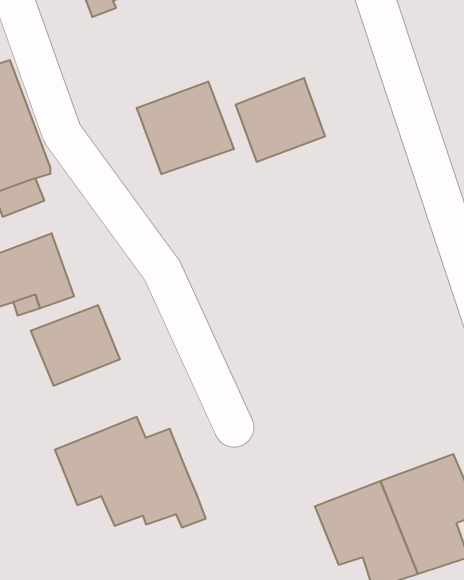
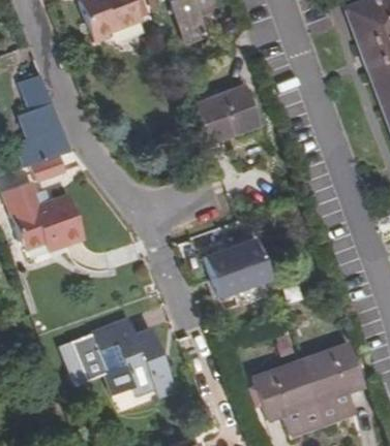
building: [137,81,234,174] -> none
building: none -> [203,231,273,295]
building: [31,305,120,386] -> none

